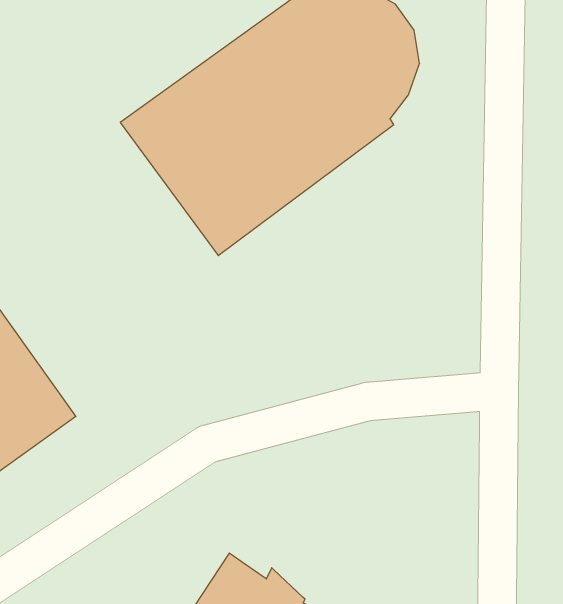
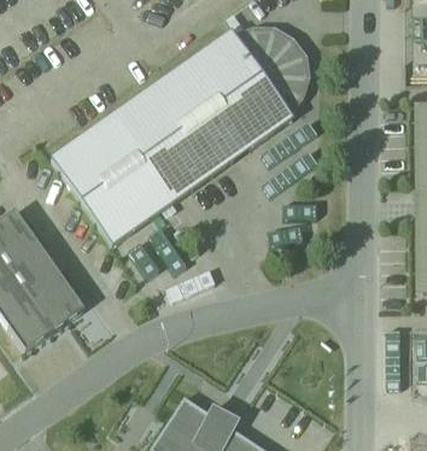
building: none -> [53,113,177,244]

